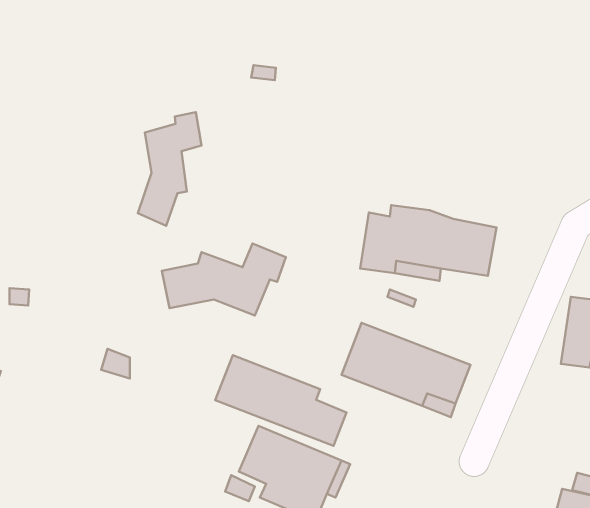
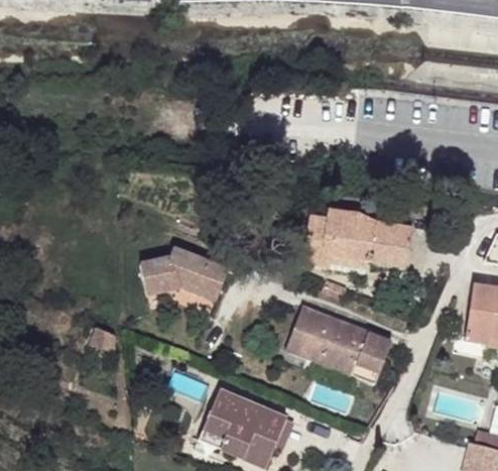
building: [138,112,201,226] -> none
building: [215,355,347,446] -> none

